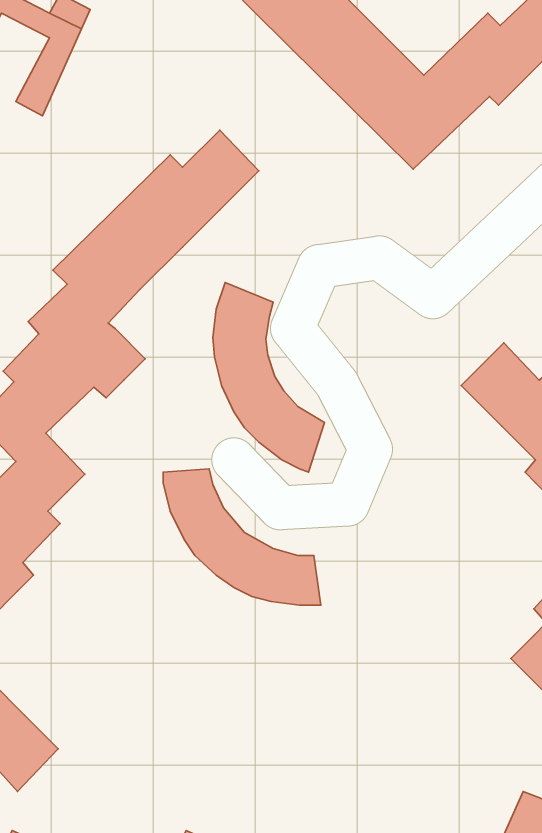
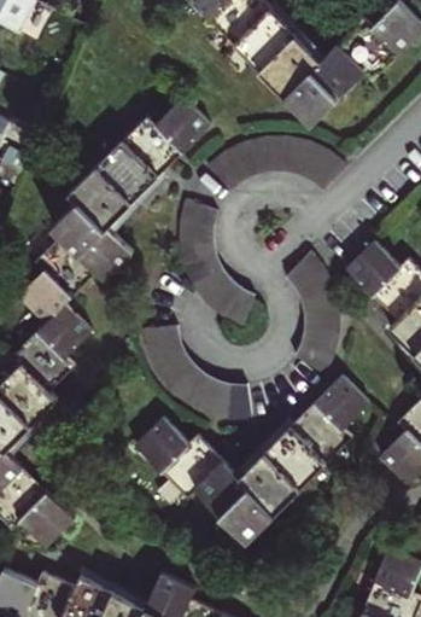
building: none -> [206,138,349,192]
building: none -> [290,250,341,376]
building: none -> [134,376,369,540]

